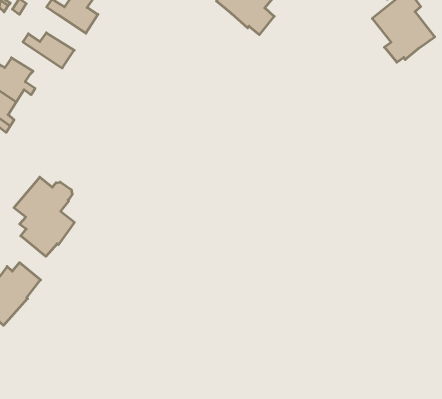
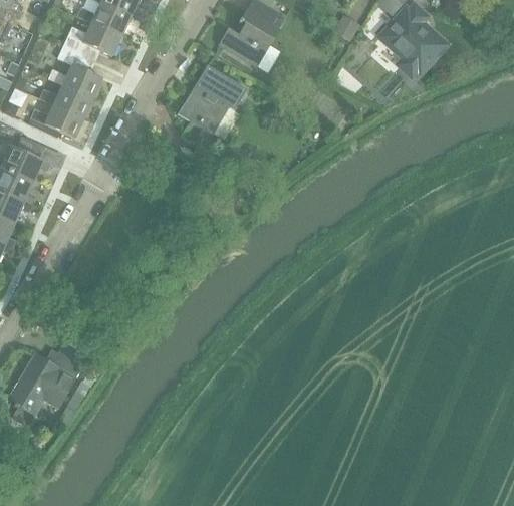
building: none -> [39,84,92,117]
building: none -> [178,65,245,139]
building: [14,177,74,256] -> none

